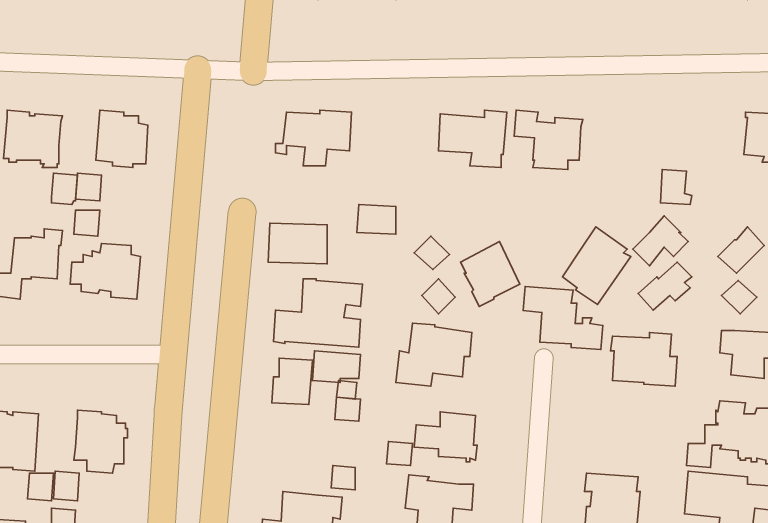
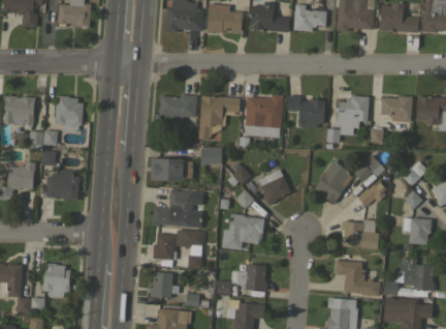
building: none -> [326,95,370,143]
building: none -> [198,96,241,140]
building: none -> [381,96,413,122]
building: [523,286,603,349] -> [336,261,380,296]
building: none -> [150,272,180,298]

